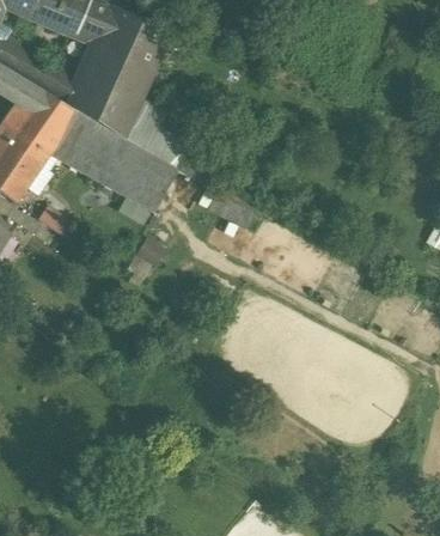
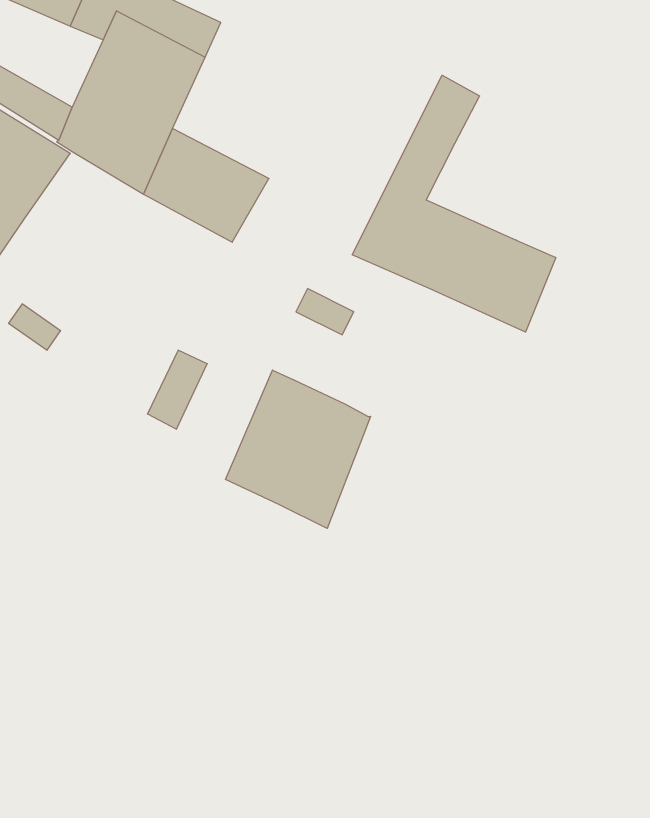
building: none -> [352,75,556,332]
building: [48,111,177,211] -> none
building: none -> [225,370,371,528]

